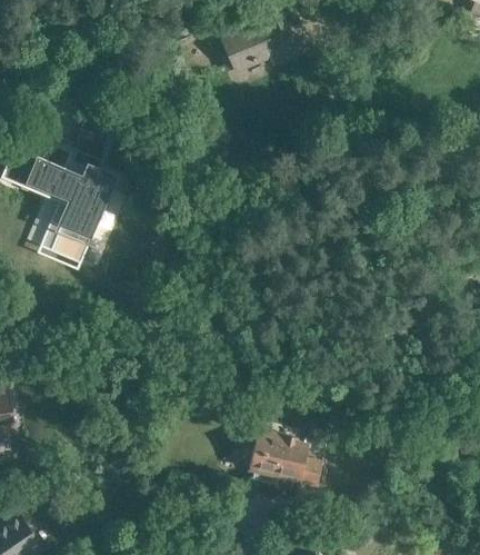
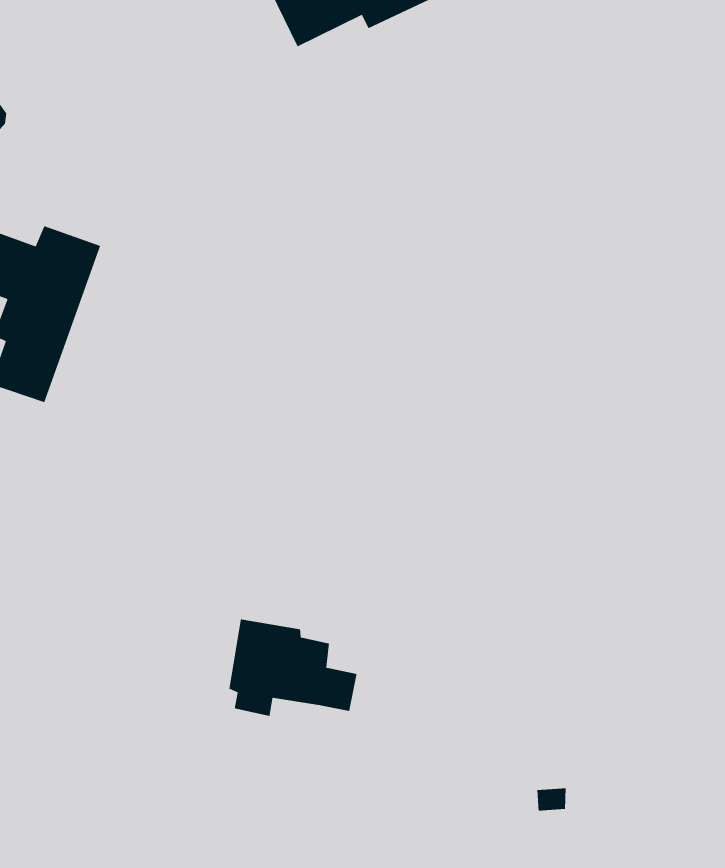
building: [249,428,321,484] -> [228,619,358,717]

